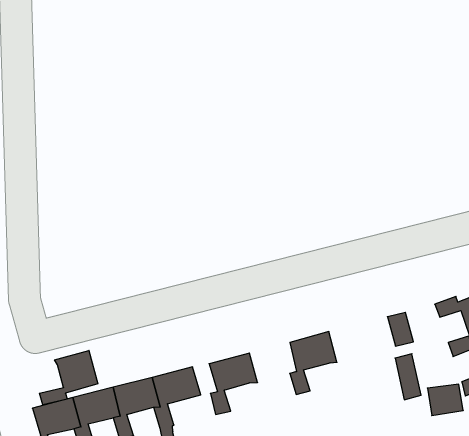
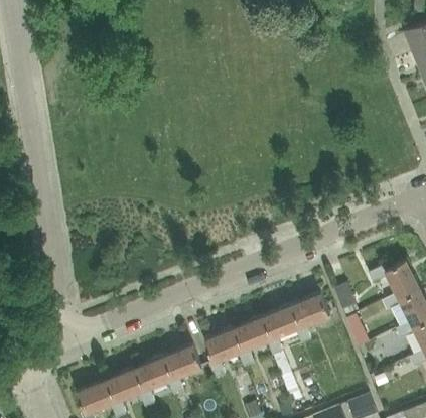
building: none -> [291,294,328,344]
building: none -> [234,317,271,368]
building: [39,350,98,405] -> none

